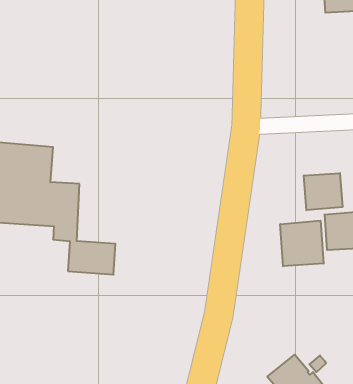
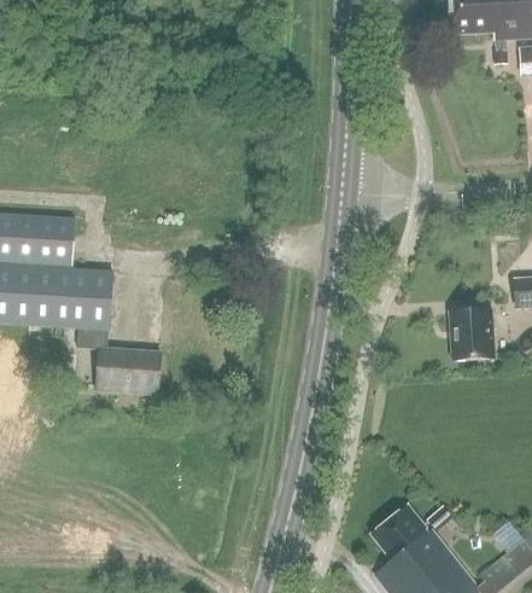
building: [304,173,342,210] -> none
building: [280,221,324,266] -> none

